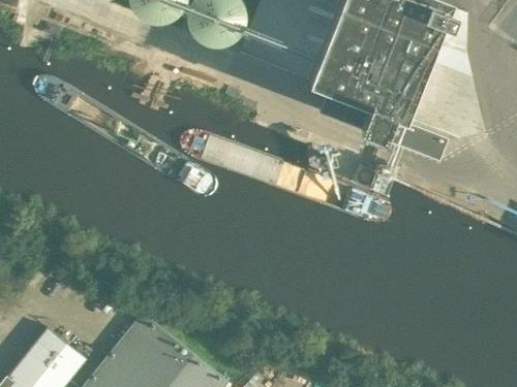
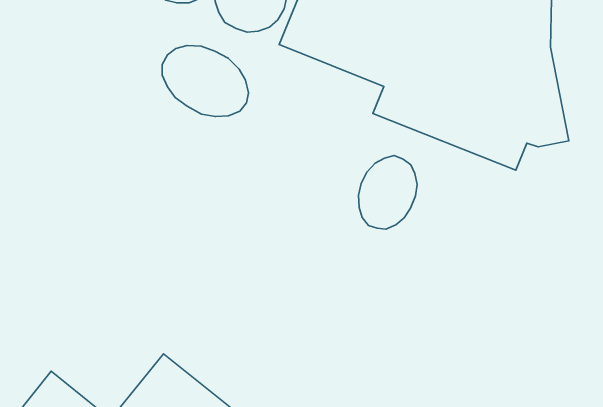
building: none -> [162,46,249,116]
building: none -> [358,156,417,229]

